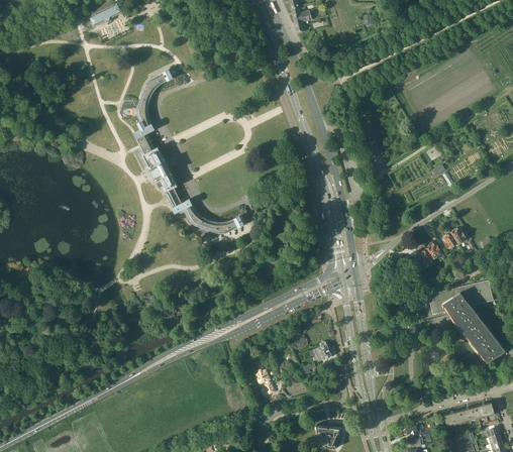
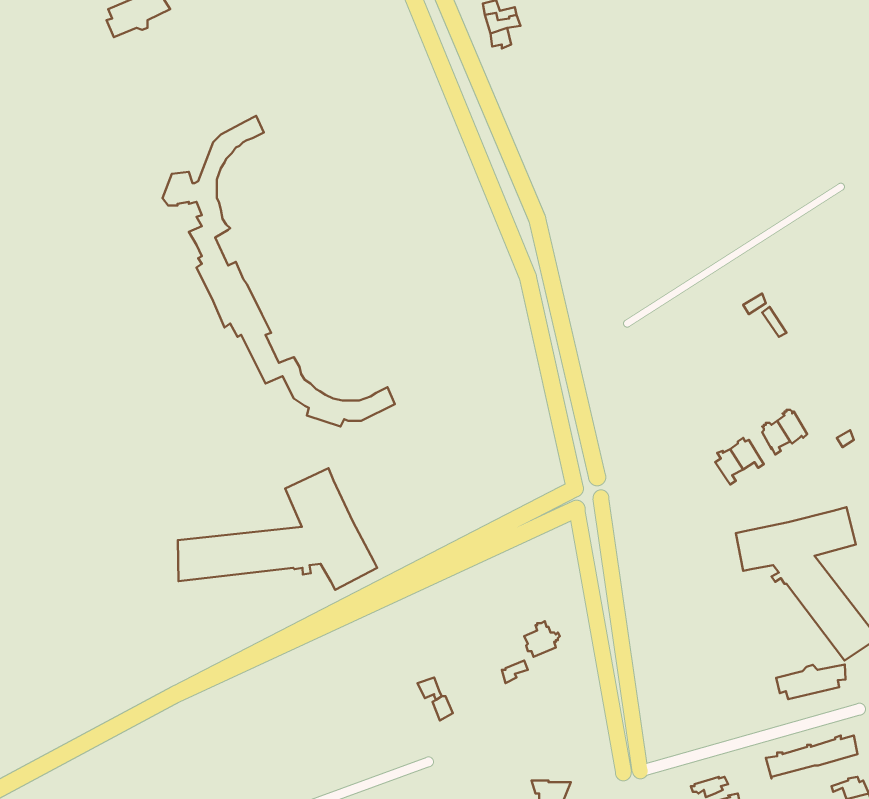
building: none -> [178,468,377,590]
building: none -> [776,664,845,699]

